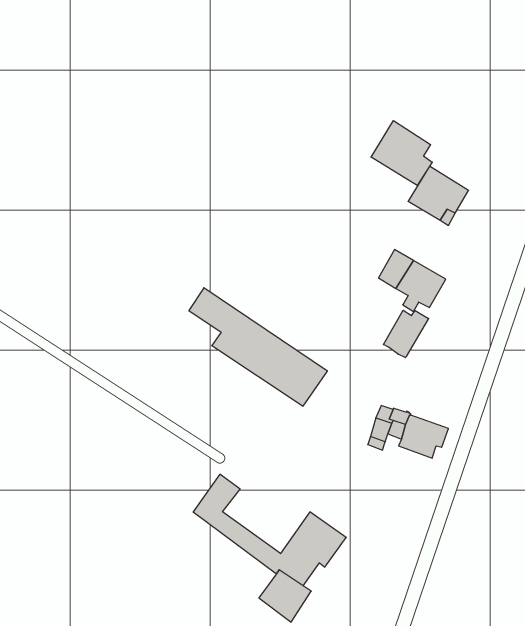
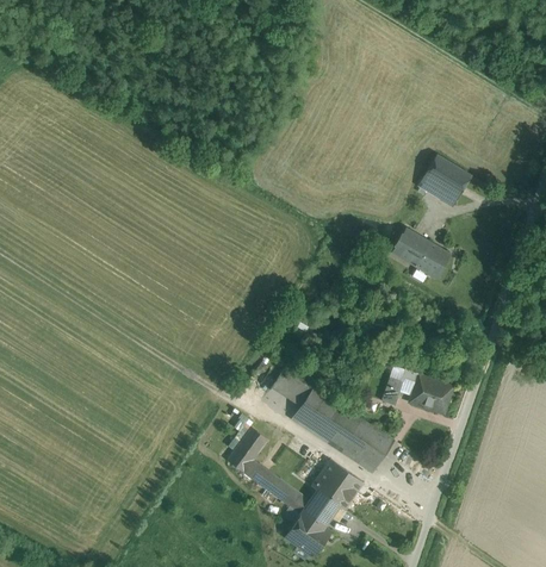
building: [371,121,432,185] -> none
building: [189,288,327,406] -> [271,367,393,472]
building: [383,310,429,358] -> none

